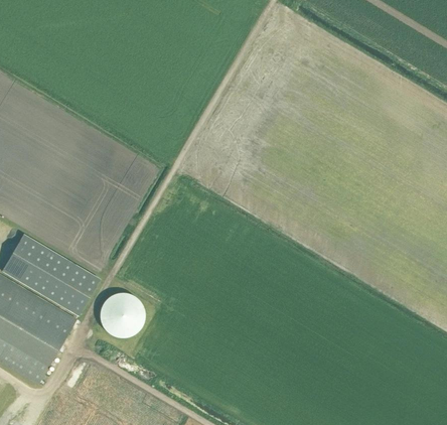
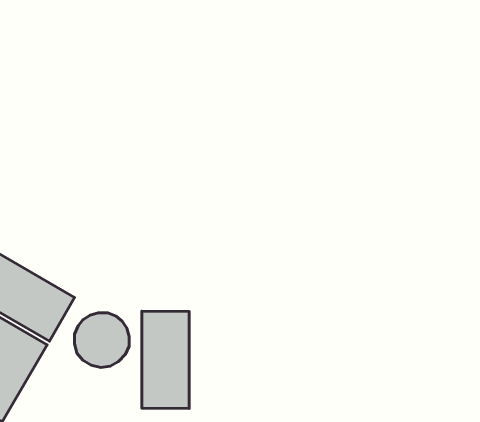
building: none -> [142,311,189,409]

